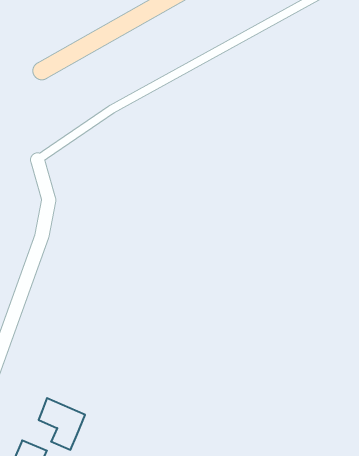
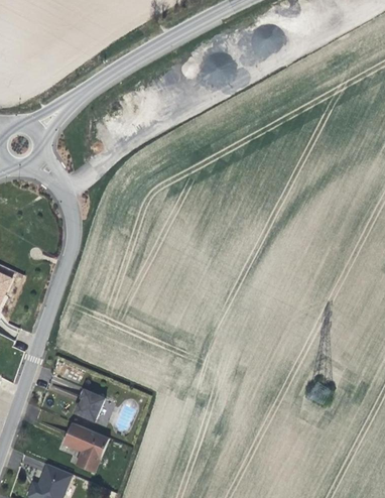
building: none -> [73,389,105,421]

